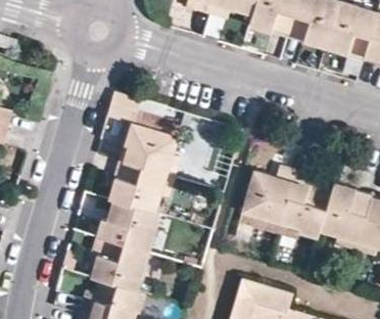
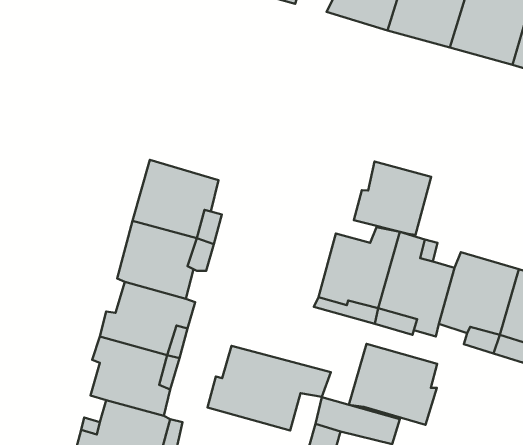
building: none -> [354,161,431,235]
building: none -> [349,344,437,425]
building: none -> [208,346,331,431]

